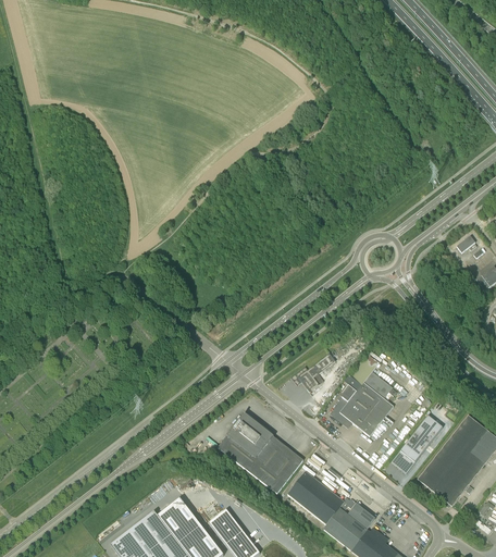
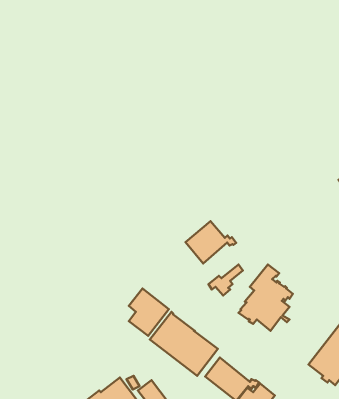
building: none -> [186,221,236,264]
building: none -> [129,288,169,336]
building: [390,417,442,474] -> none

